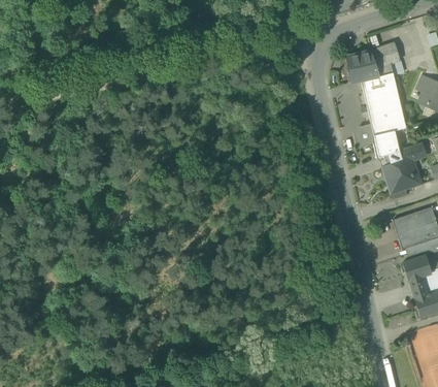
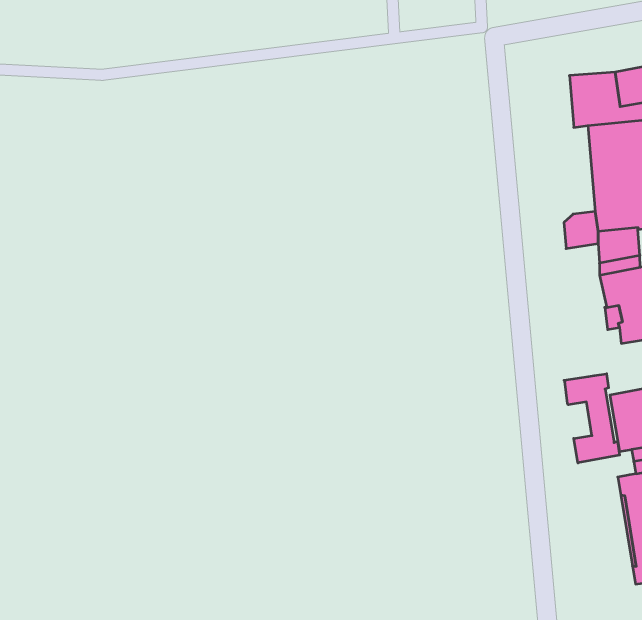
building: none -> [564,374,620,463]

